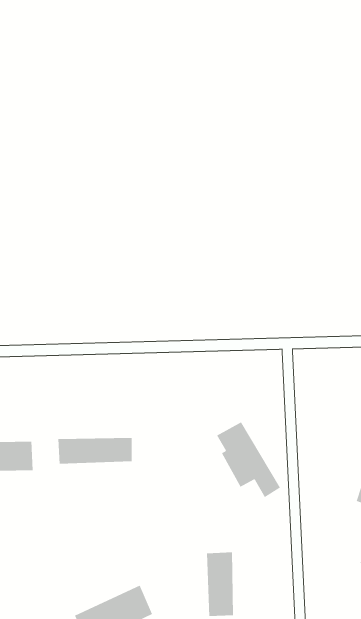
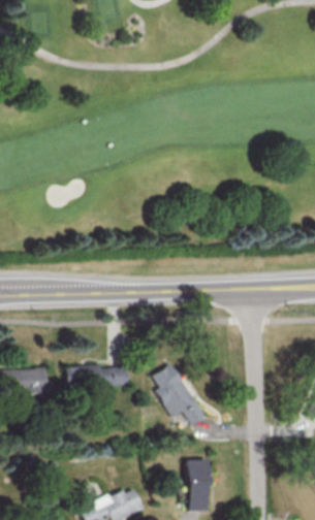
building: [216,421,281,498] -> [153,363,206,425]

